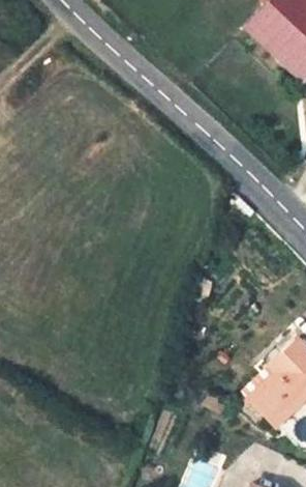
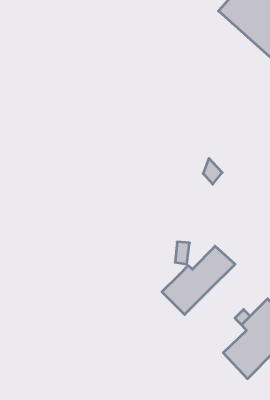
building: none -> [162,246,235,315]

